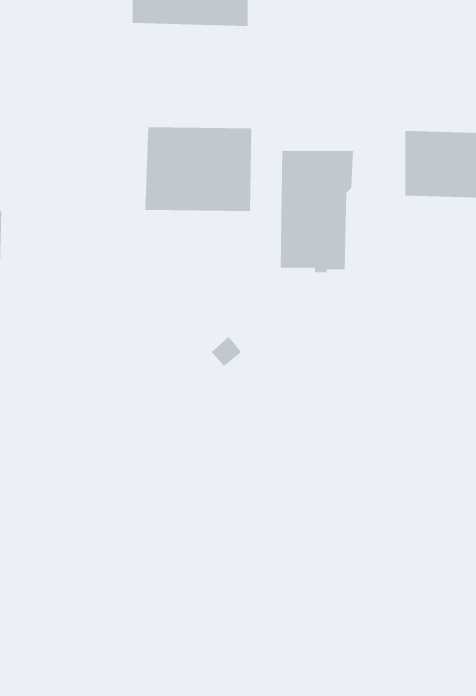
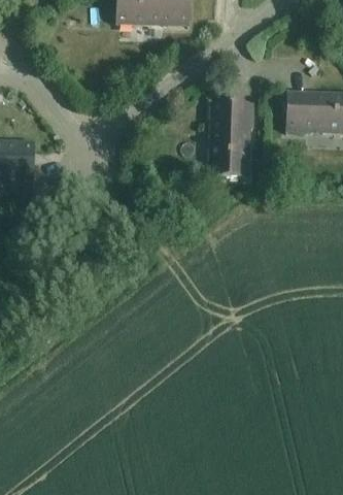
building: [145,127,252,212] -> none

